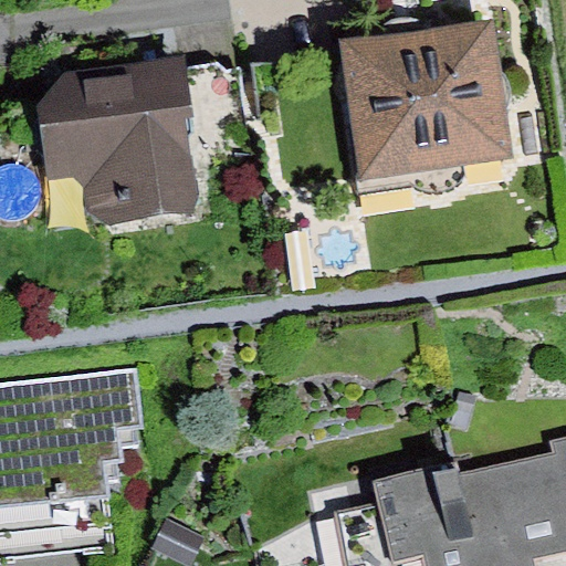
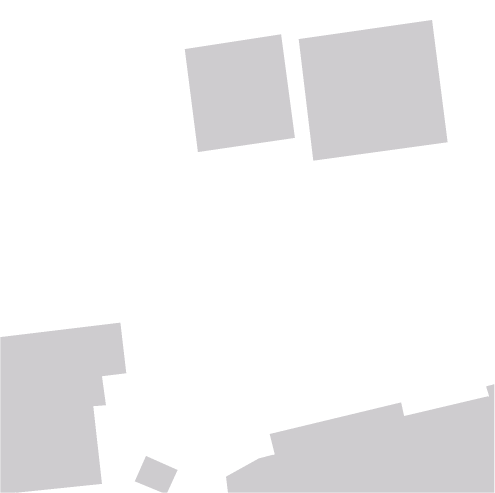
building: none -> [184,34,296,153]
building: [35,54,201,227] -> none

